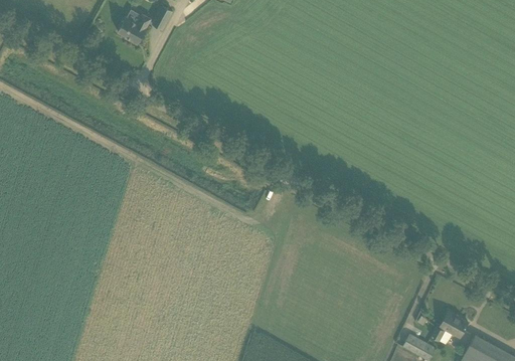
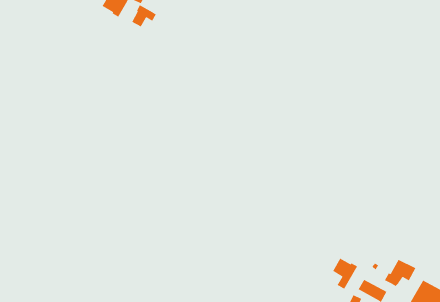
building: none -> [131,4,157,27]
building: none -> [332,258,358,290]

